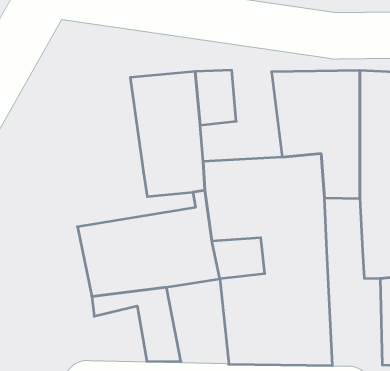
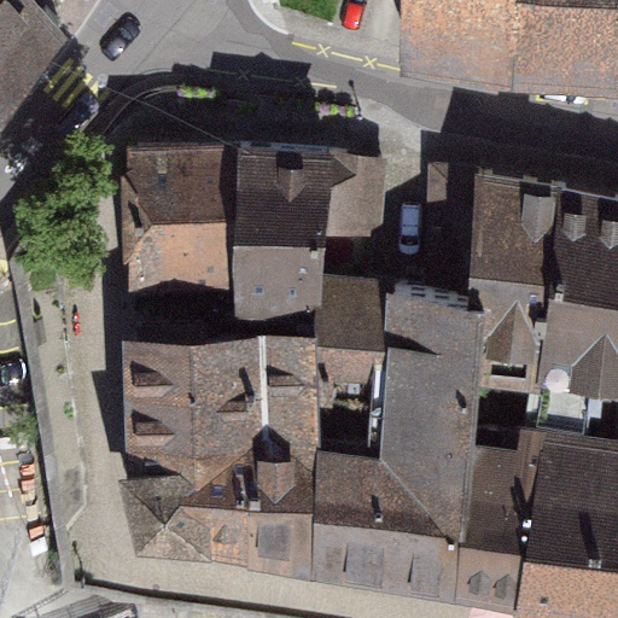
building: none -> [135,151,243,291]
building: none -> [459,432,543,601]
building: none -> [247,448,322,567]
building: none -> [128,467,204,546]

